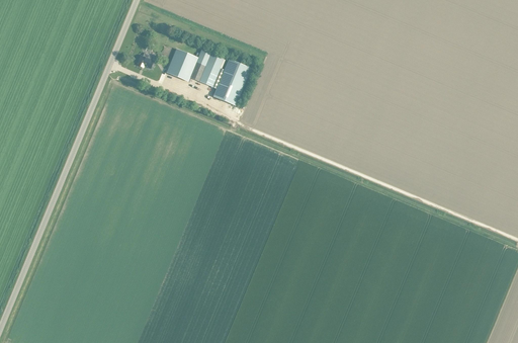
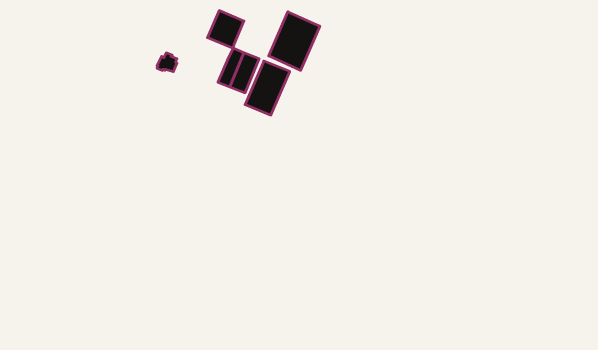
building: none -> [269,12,320,70]
building: [165,49,196,81] -> [207,11,244,48]

